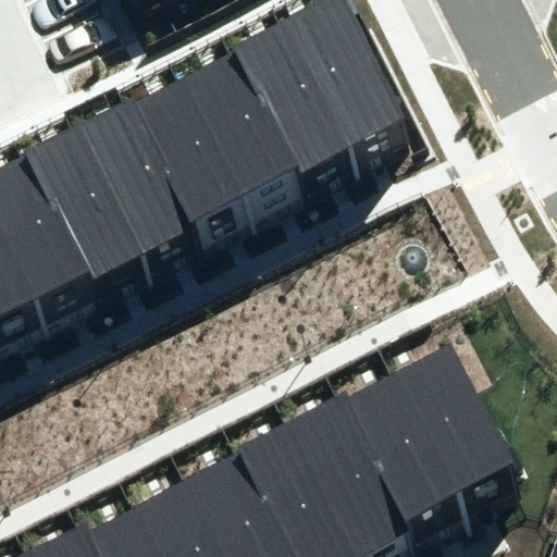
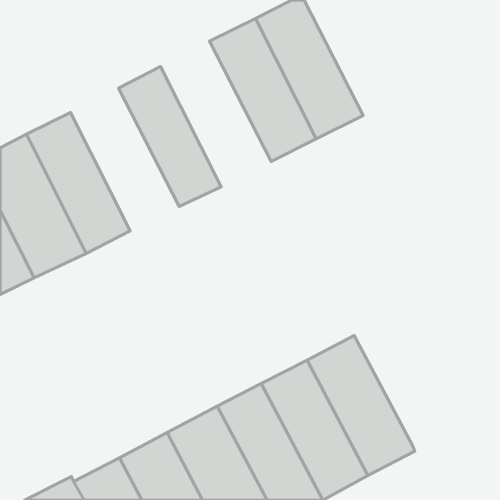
building: [178,46,301,208] -> none
building: [78,98,199,257] -> none
building: [394,344,515,496] -> none

